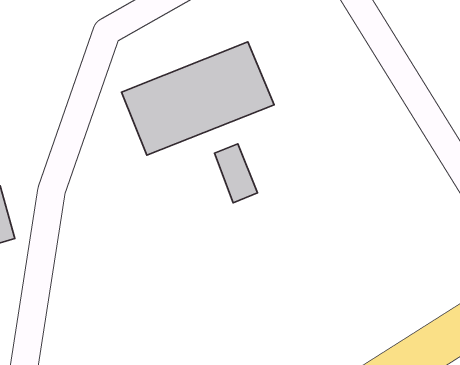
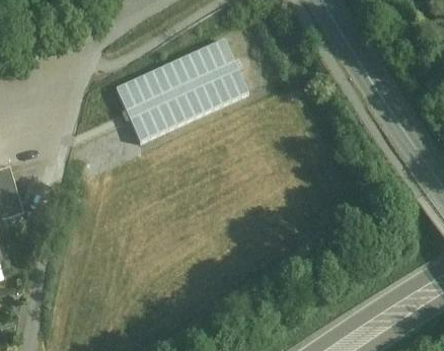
building: [215,144,257,203] -> none

